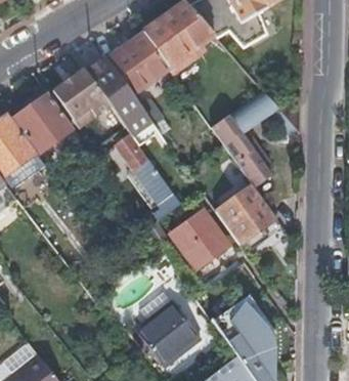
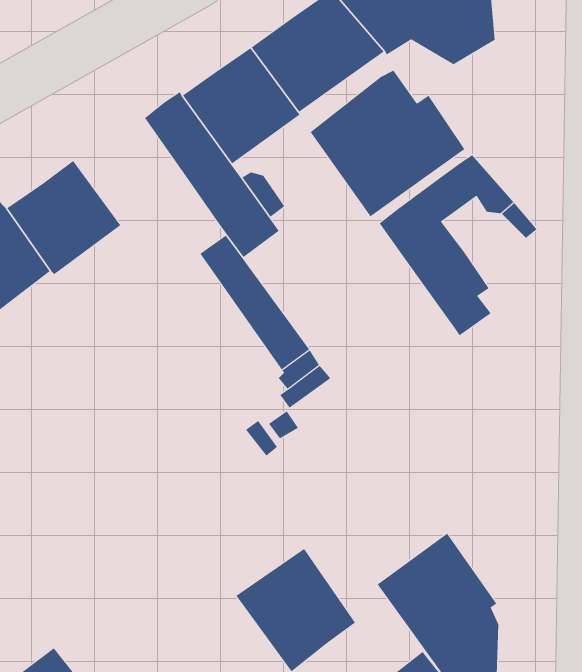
building: none -> [310,70,465,217]
building: [52,70,110,128] -> none
building: [215,185,275,245] -> none
building: [172,211,226,266] -> none

